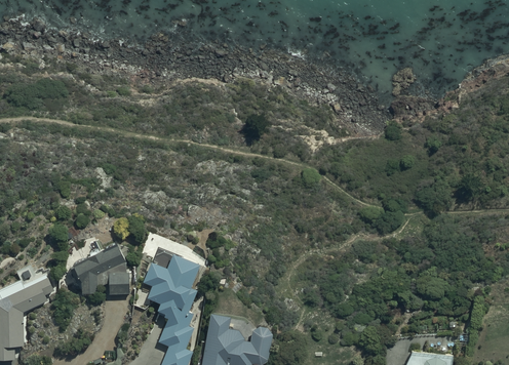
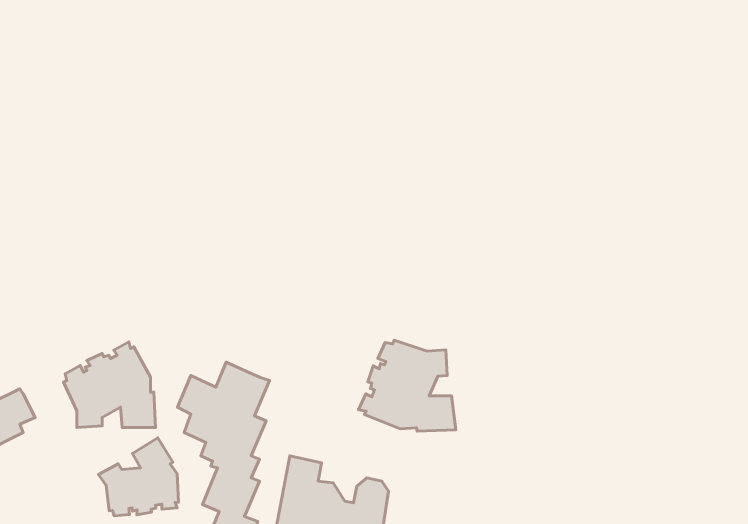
building: none -> [358,340,456,431]
building: none -> [98,438,178,516]

